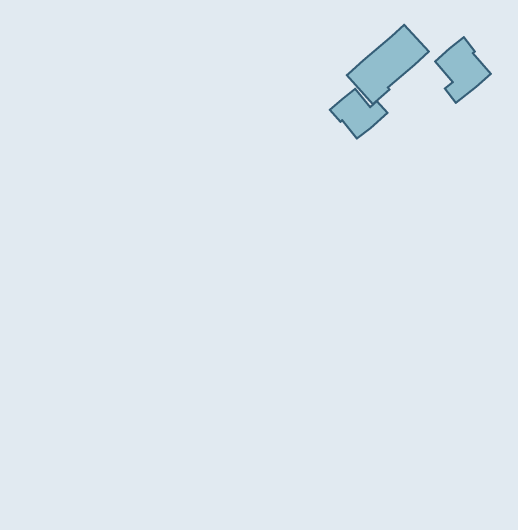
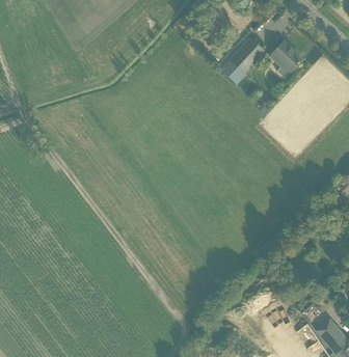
building: [330,89,387,139] -> none

